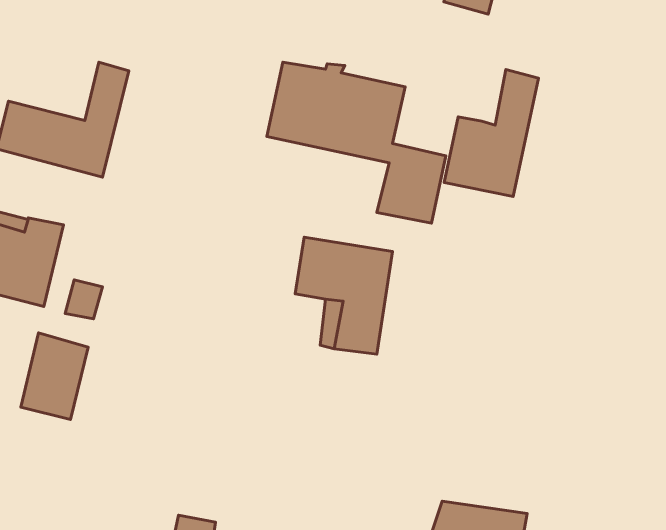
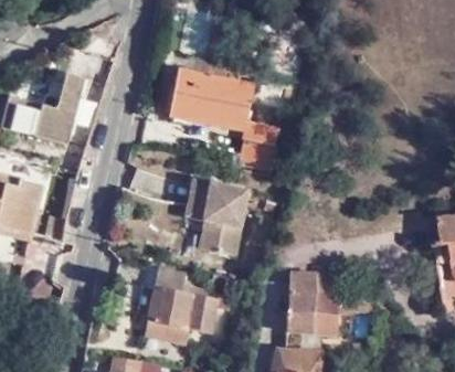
building: [444,70,539,197] -> none
building: none -> [145,269,220,343]
building: none -> [292,272,378,336]

